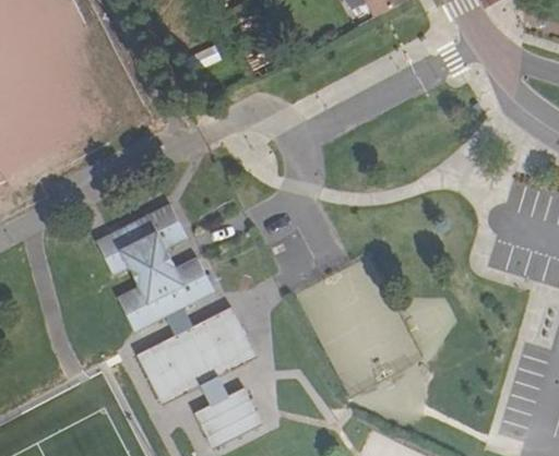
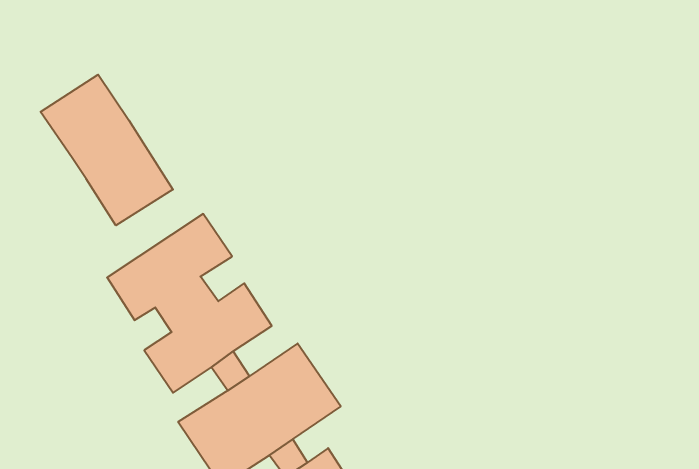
building: none -> [41,75,173,225]

